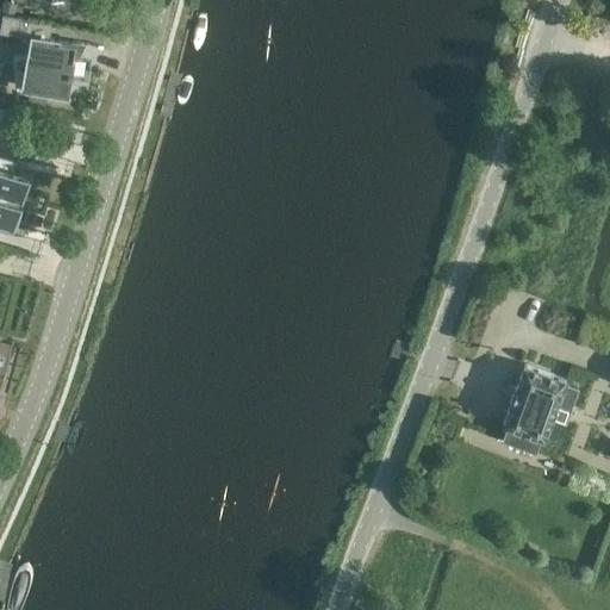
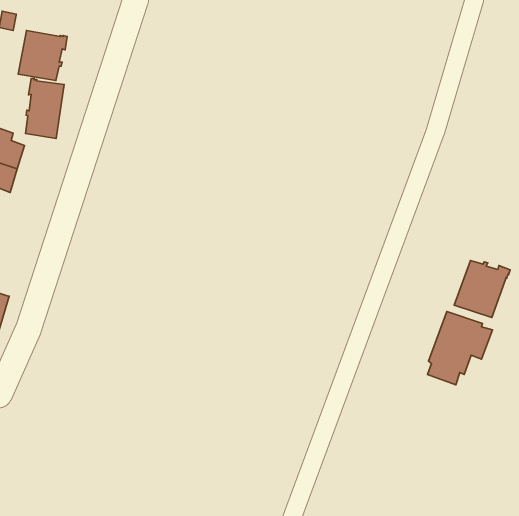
building: none -> [26,78,64,138]
building: none -> [454,261,510,318]

